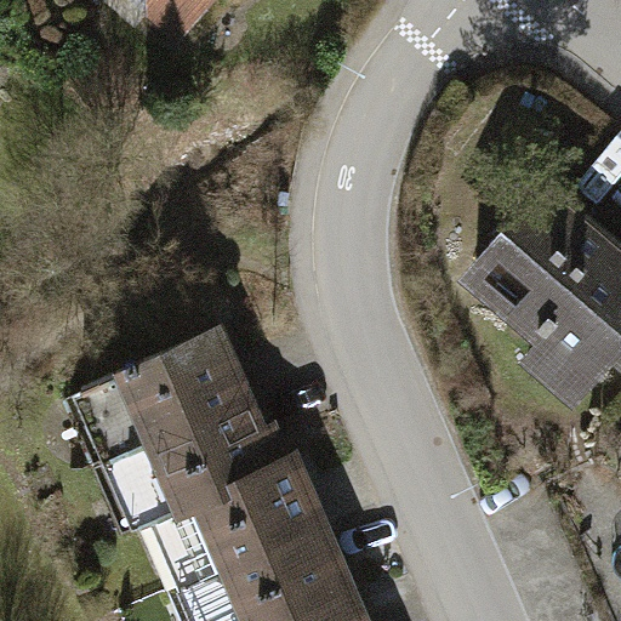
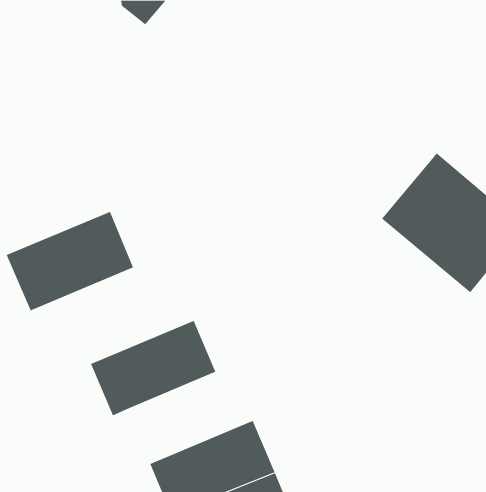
building: [95,335,255,460] -> [6,211,134,311]
building: [171,462,329,585] -> none

